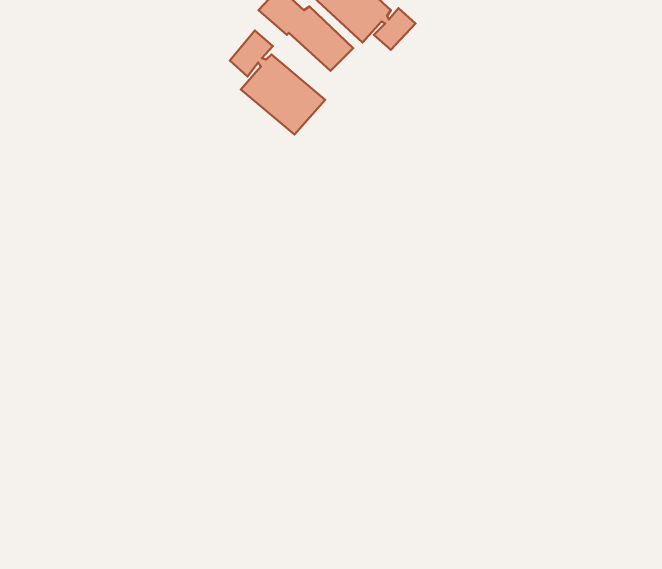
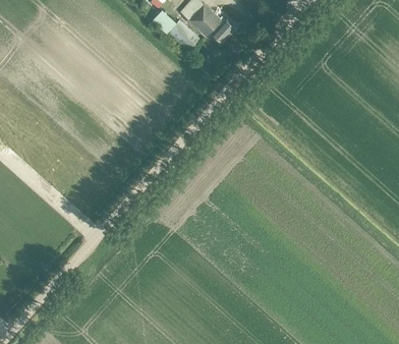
building: [230,31,325,135] -> none

